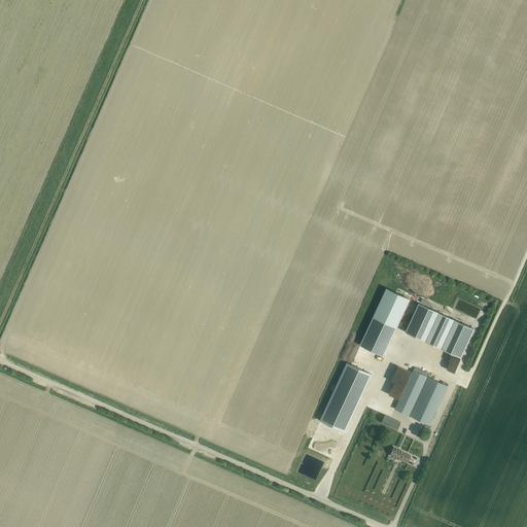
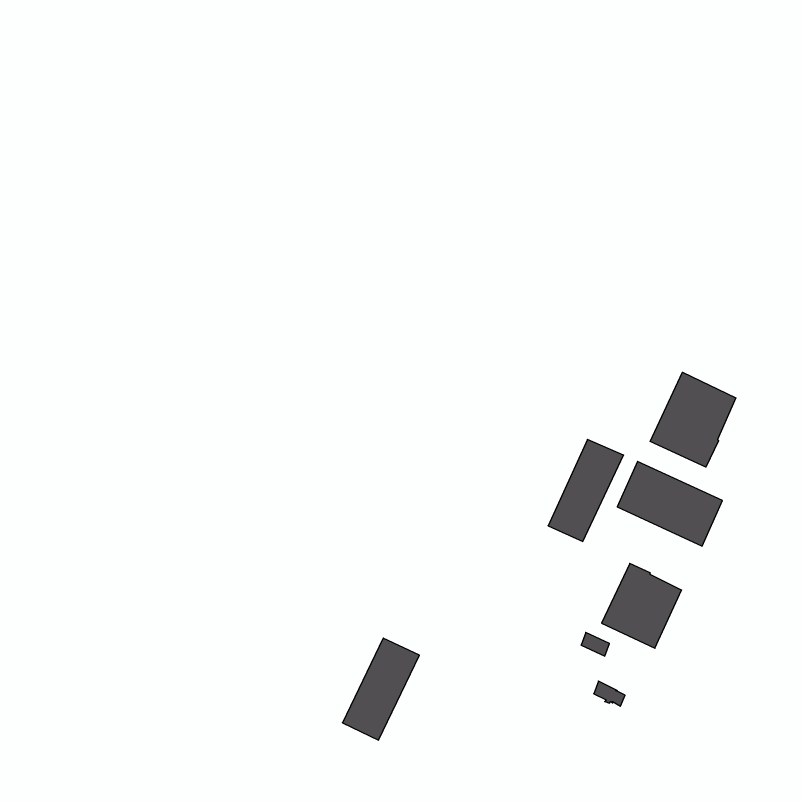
building: none -> [650,372,736,467]
building: [320,363,371,430] -> [342,638,419,740]

